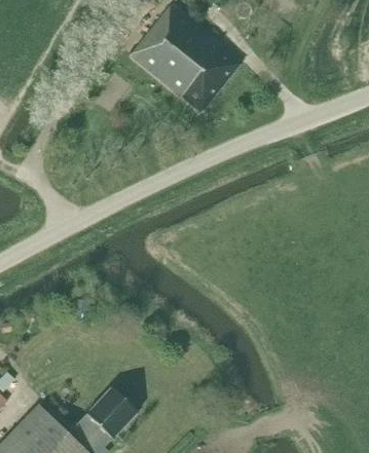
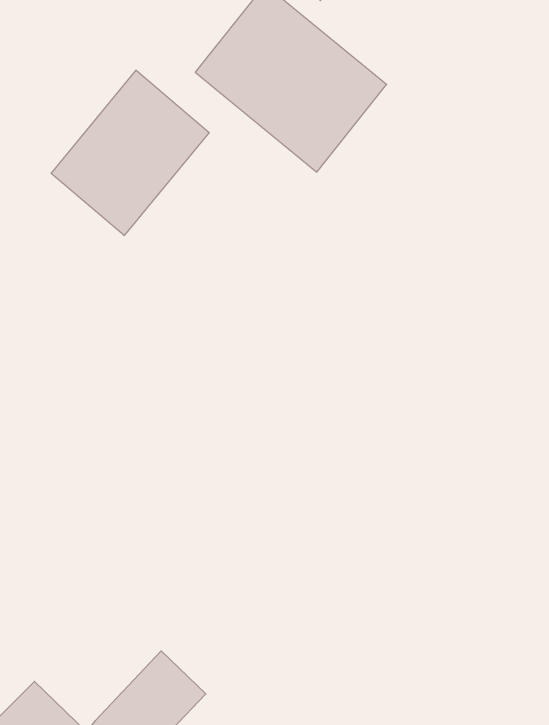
building: none -> [51,70,209,236]

